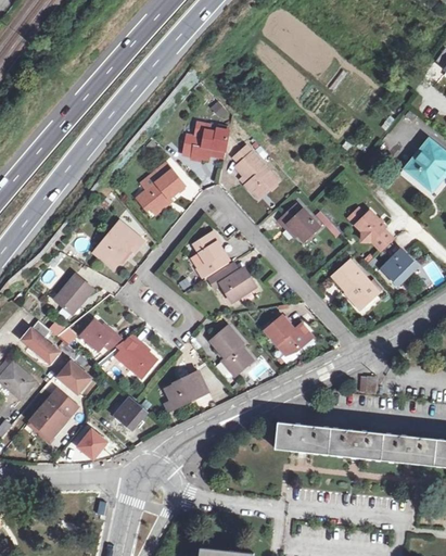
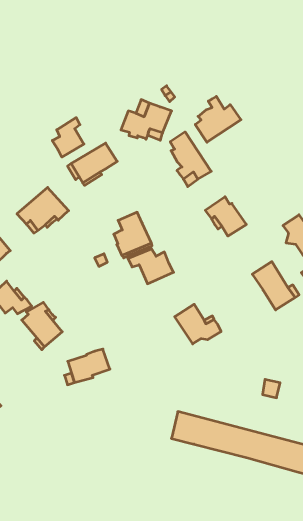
building: none -> [195,96,241,142]
building: none -> [52,118,84,157]
building: [209,326,252,374] -> none
building: [109,397,146,431] -> none

